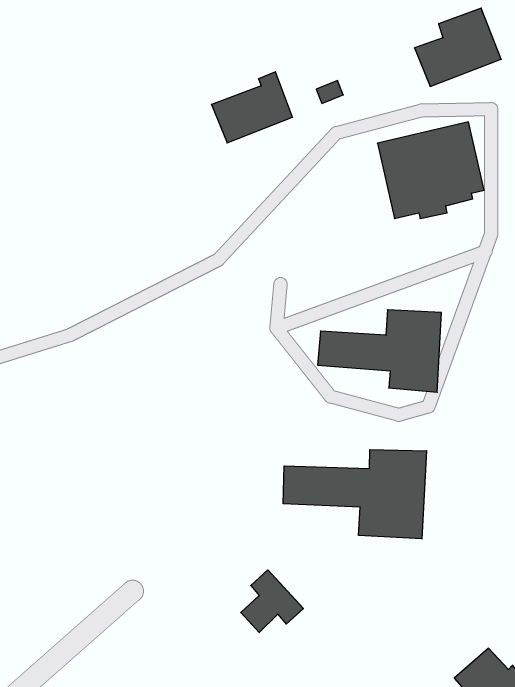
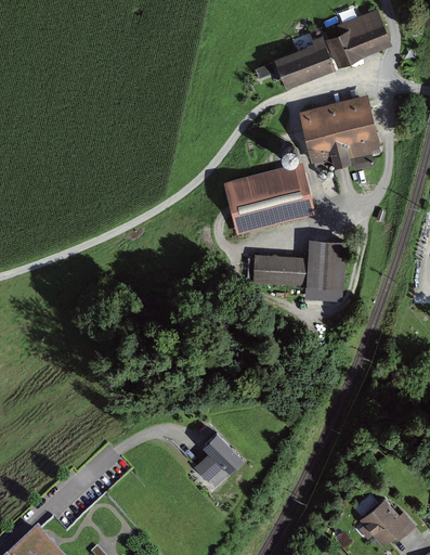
building: [211,72,293,143] -> [273,36,335,90]
building: none -> [221,164,314,235]
building: [283,450,427,539] -> none

